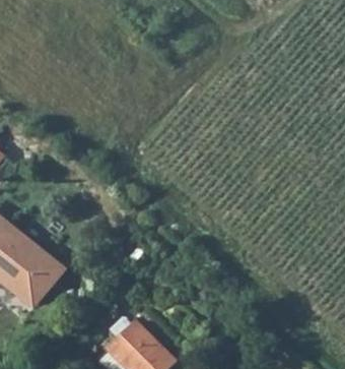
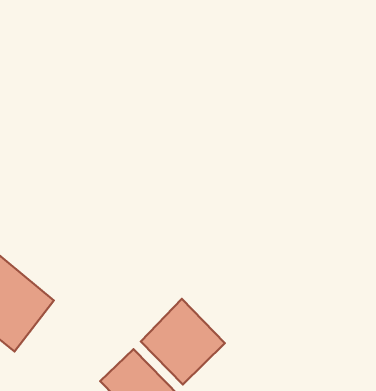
building: none -> [141,299,225,384]

